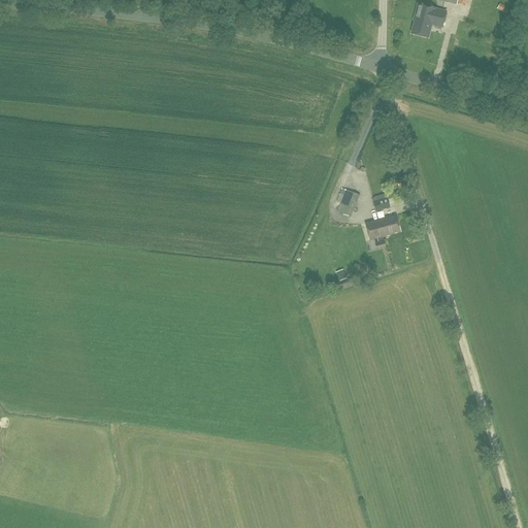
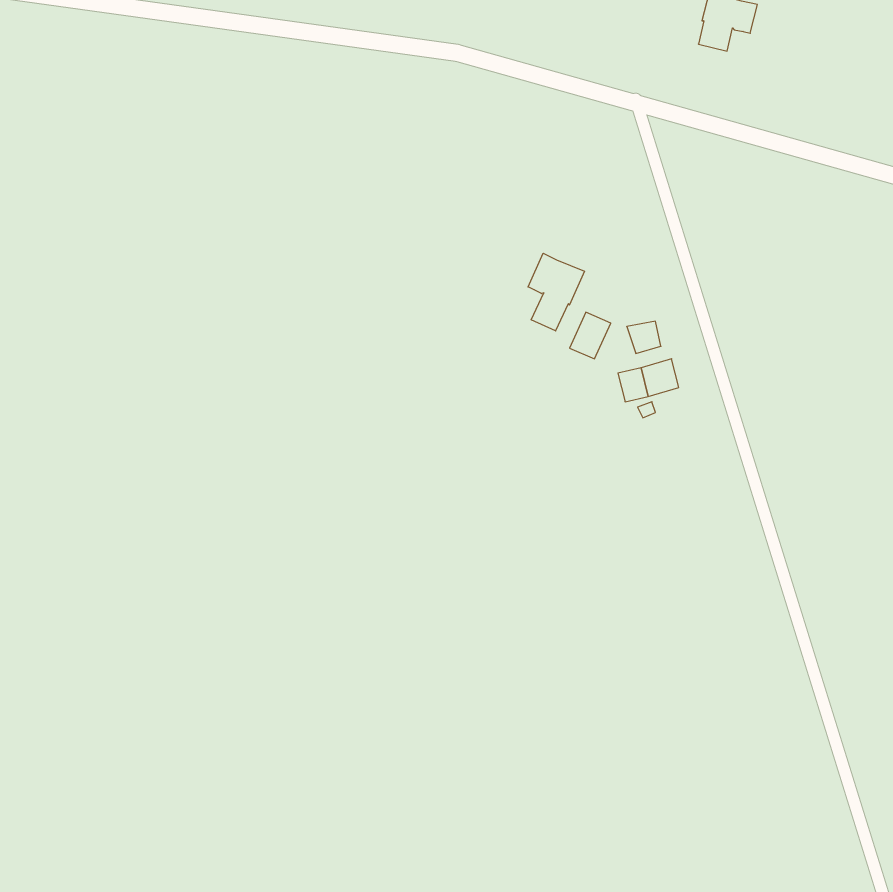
building: none -> [528,253,585,331]

